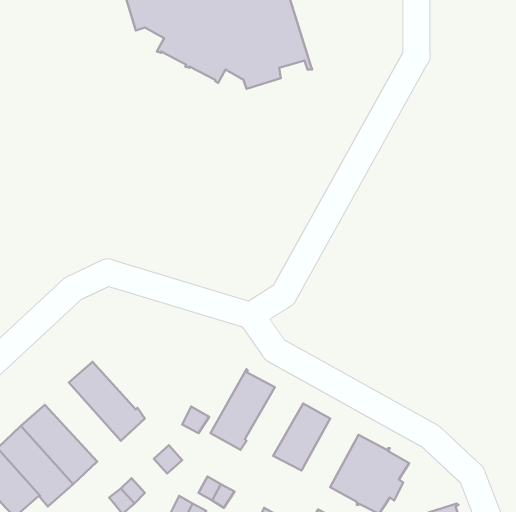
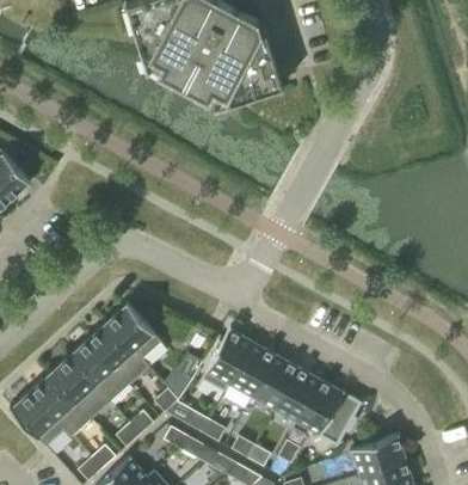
building: none -> [106,301,160,360]
building: none -> [68,338,129,401]
building: none -> [228,342,275,397]
building: none -> [273,367,319,422]

